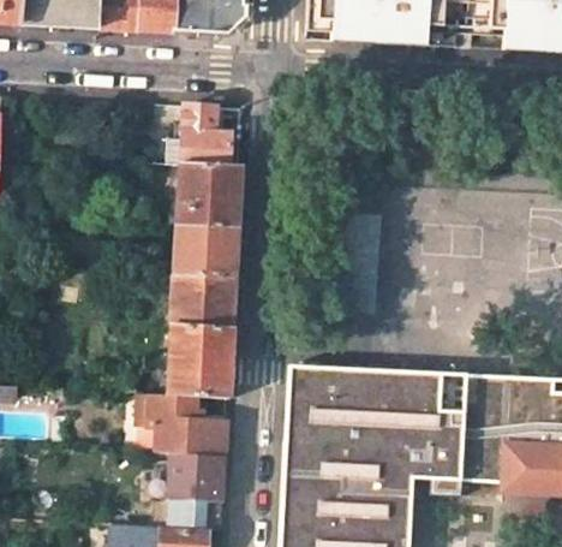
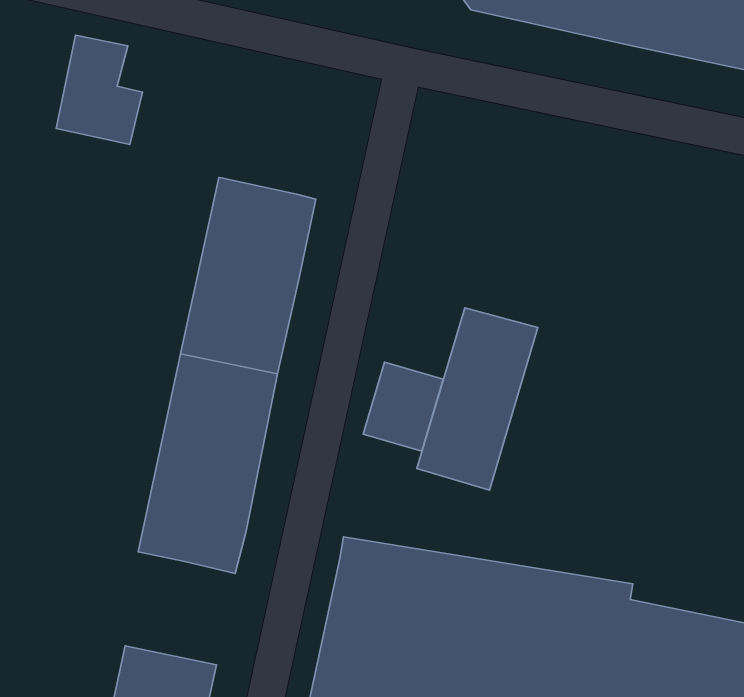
building: [183,106,231,166] -> [56,35,142,144]
building: none -> [363,362,443,451]
building: [138,393,228,456] -> none

